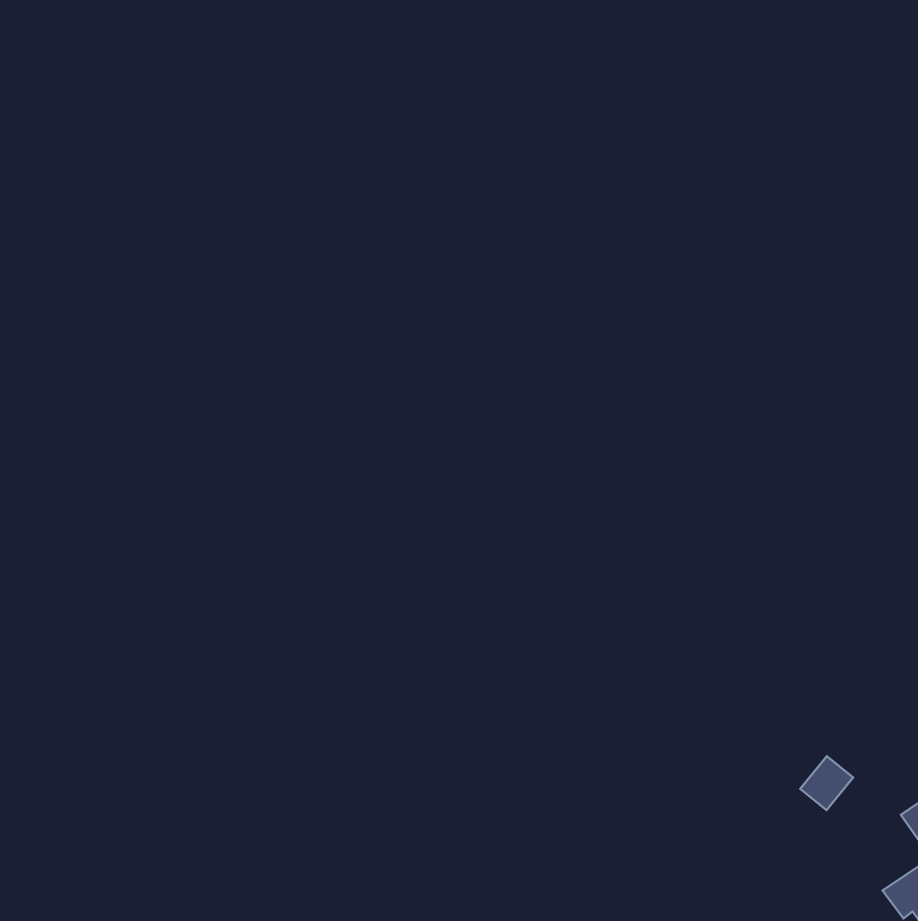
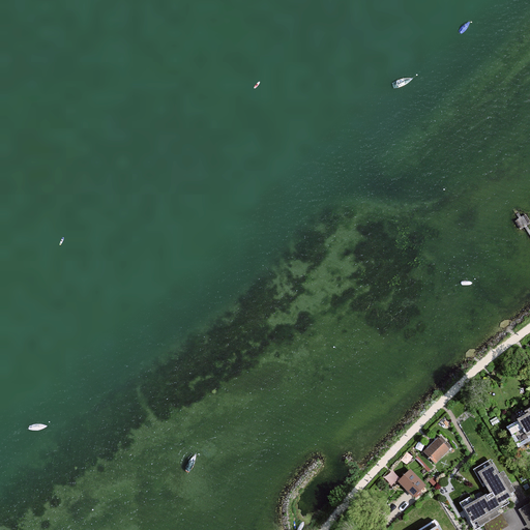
building: none -> [399,468,425,496]

